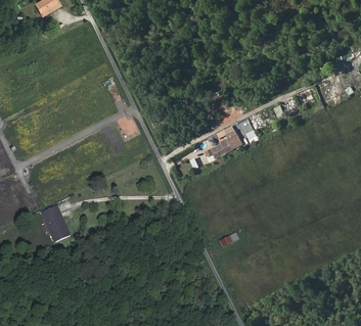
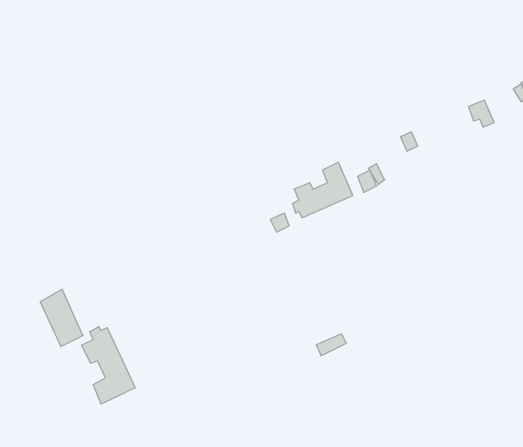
building: none -> [82,326,135,404]

